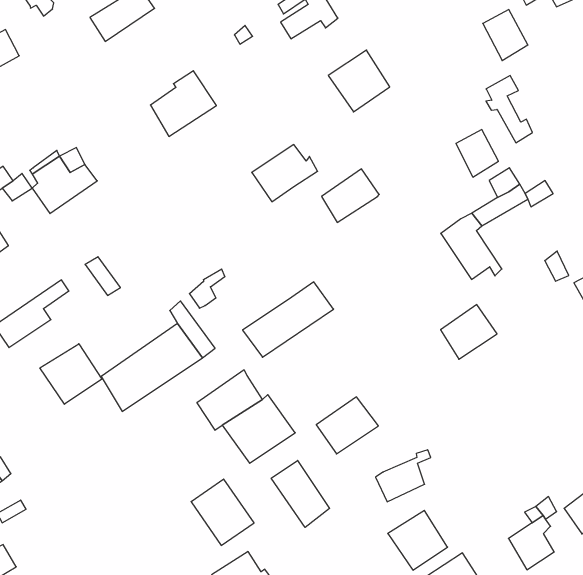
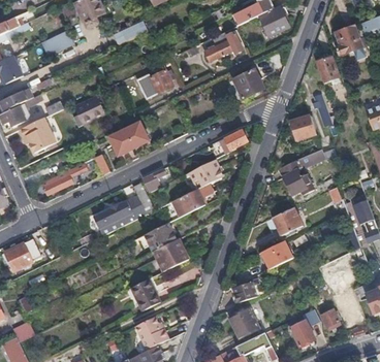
building: [252,145,318,202] -> [189,161,223,189]
building: none -> [108,121,149,155]
building: [40,344,102,404] -> none
building: [316,397,378,454] -> [260,240,292,268]
building: [271,460,330,527] -> none

